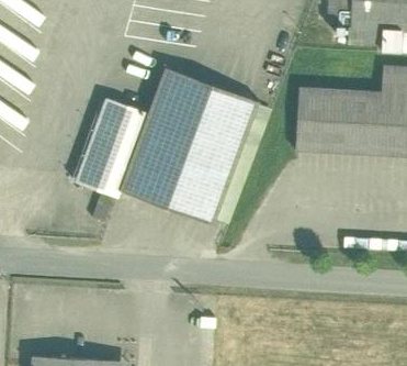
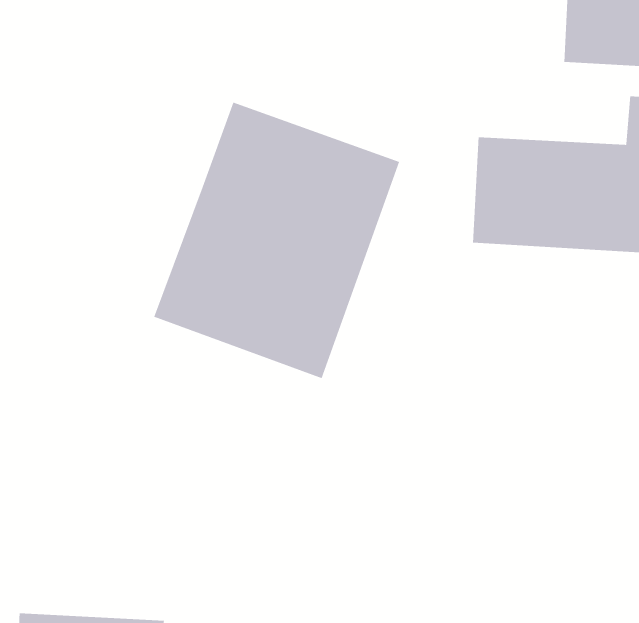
building: [71,101,143,196] -> none

